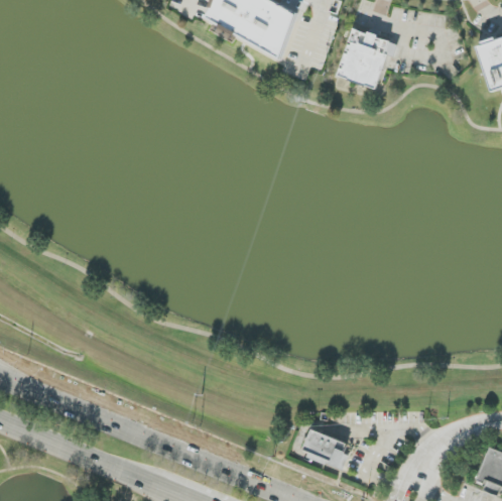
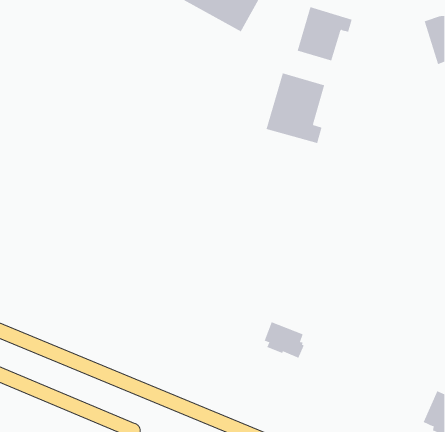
building: none -> [266,72,325,144]
building: [303,427,348,468] -> [264,321,305,358]

